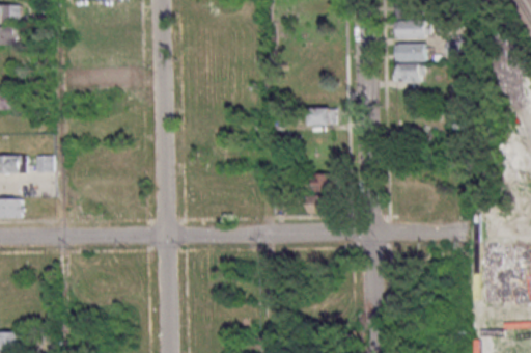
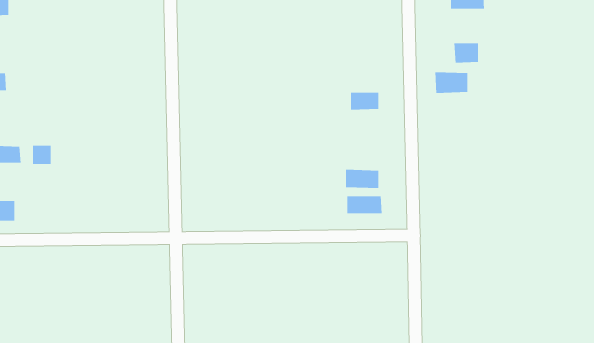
building: [393,43,422,61] -> [434,72,468,93]

